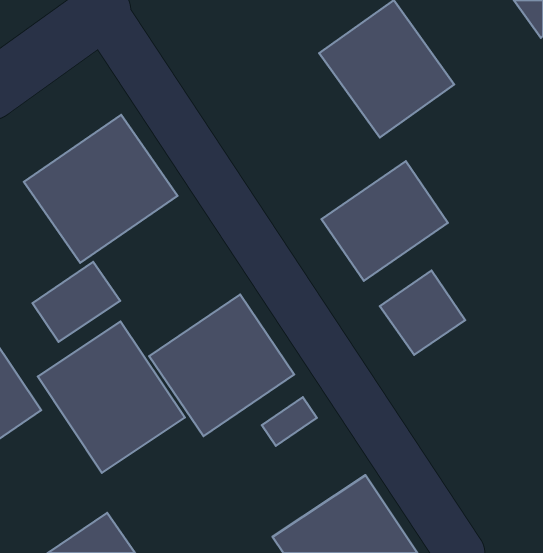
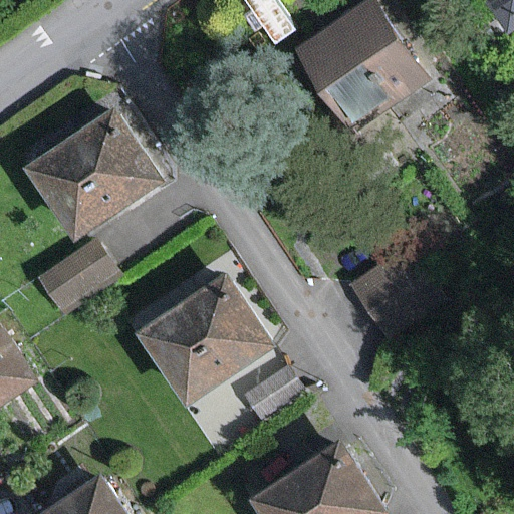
building: [322,161,448,281] -> none
building: [38,321,185,473] -> none

